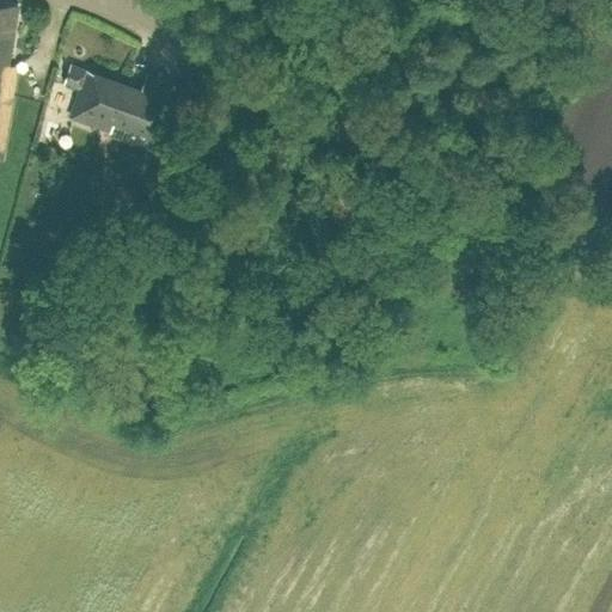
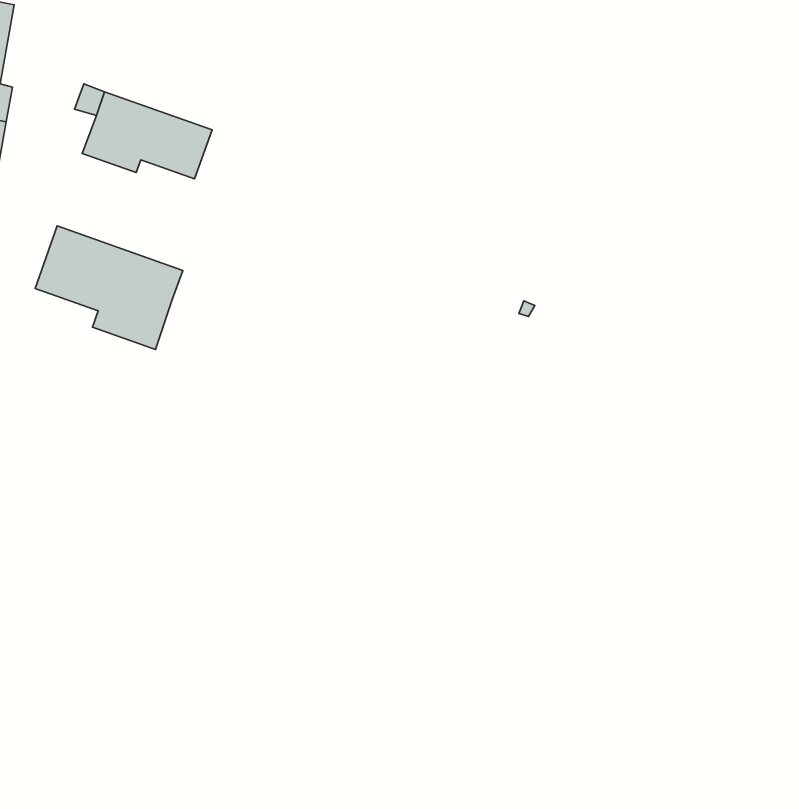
building: none -> [35,226,183,349]

